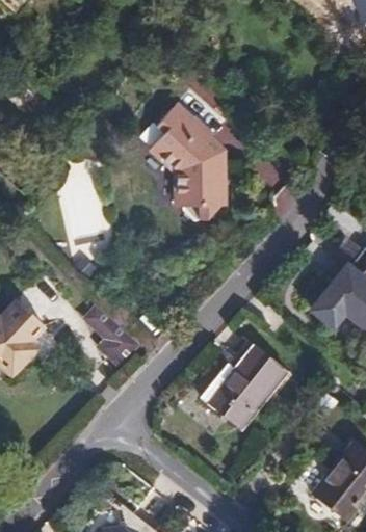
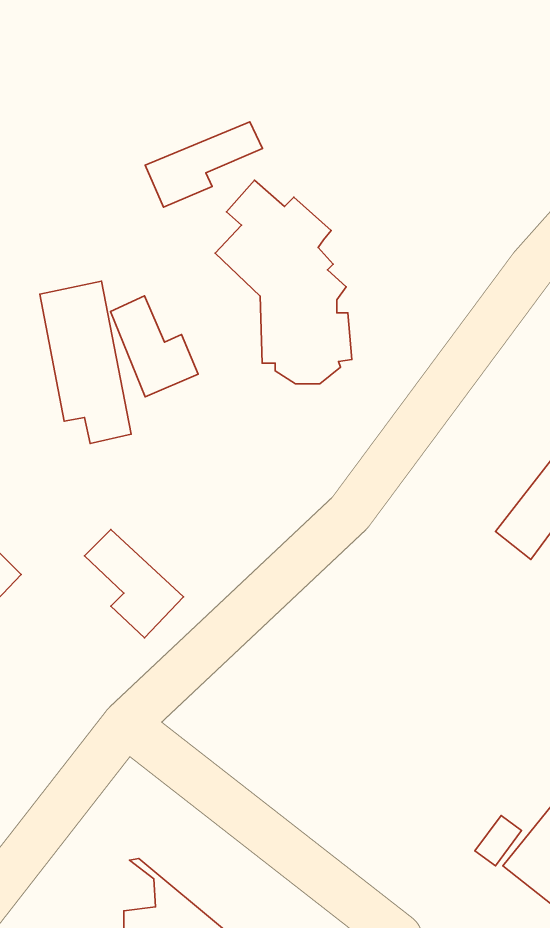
building: none -> [145,122,263,207]
building: none -> [110,296,198,397]
building: [203,339,288,428] -> none

